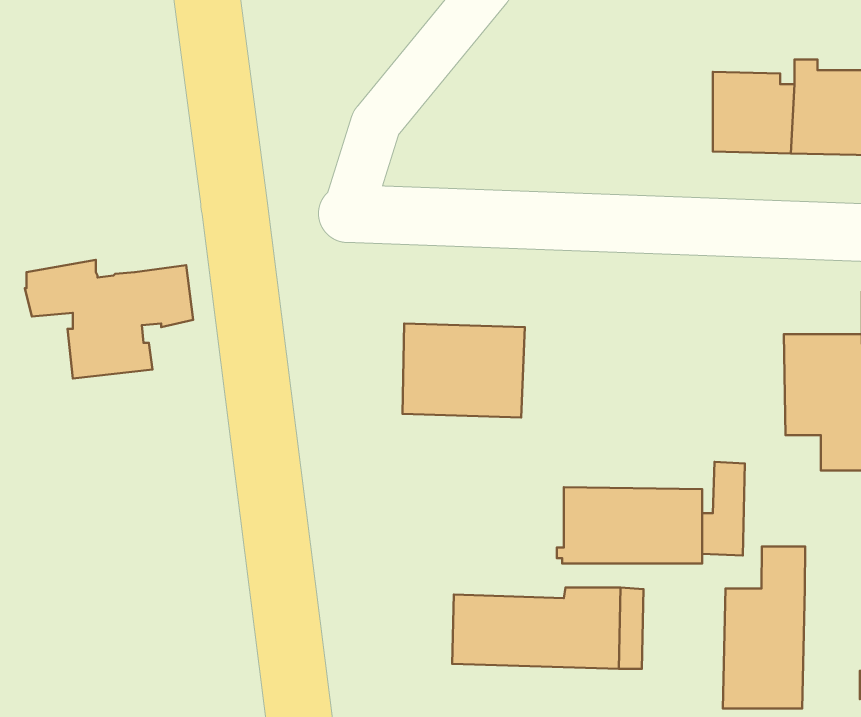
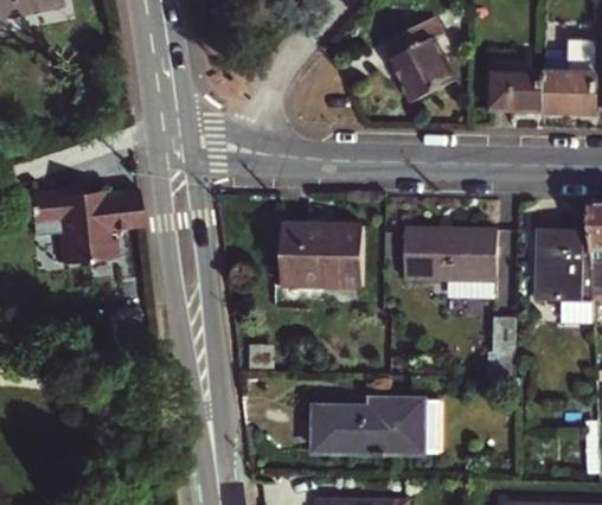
building: none -> [383,21,454,102]
building: [557,487,702,563] -> [398,229,495,280]
building: [723,546,805,709] -> none

